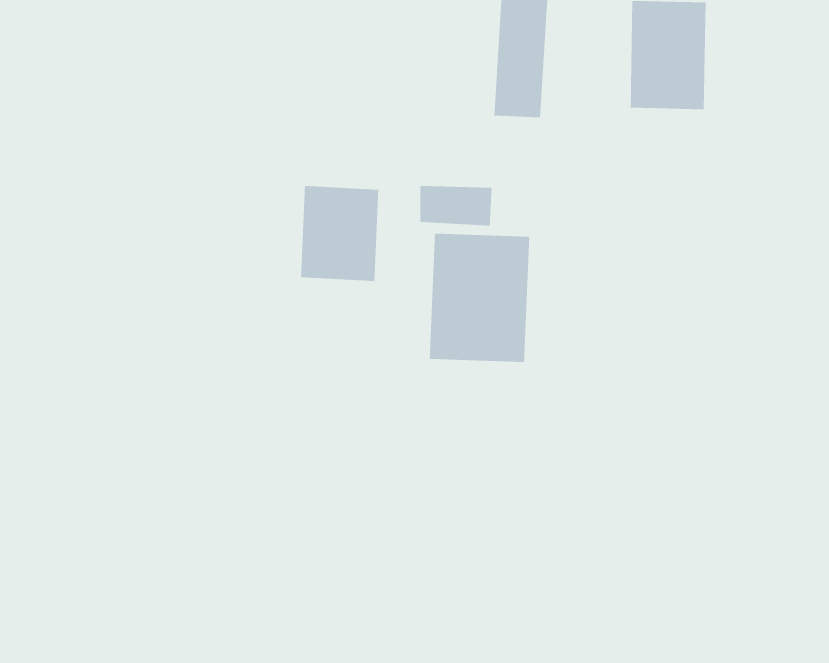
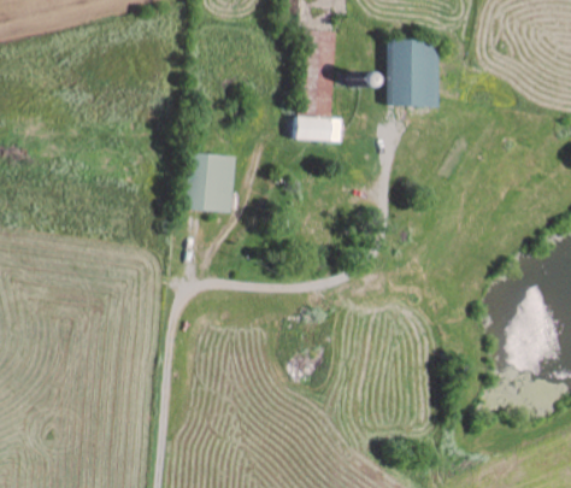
building: [420,185,493,227] -> [296,117,341,142]
building: [429,233,530,363] -> none

